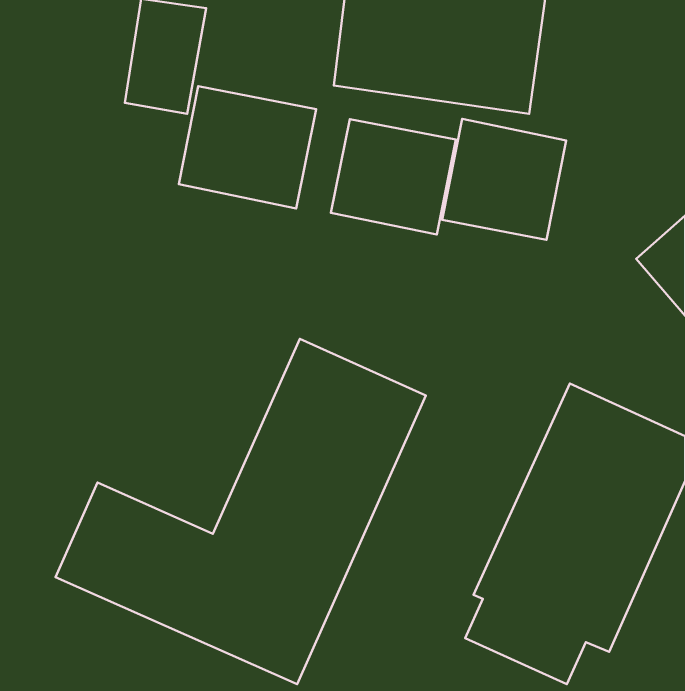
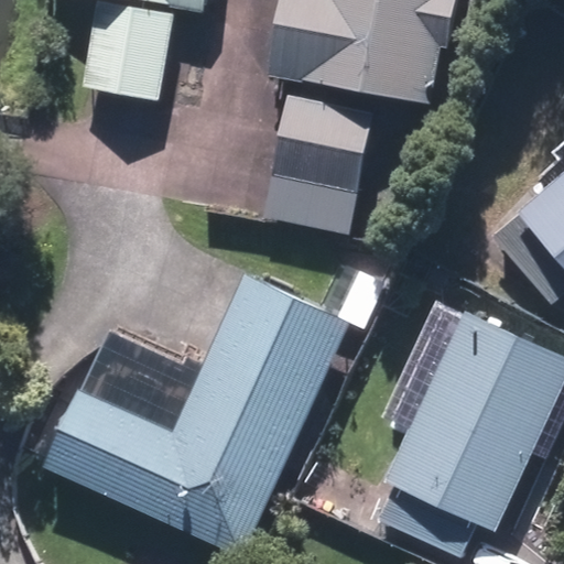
building: [179,86,316,208] -> none
building: [442,119,566,240] -> none

